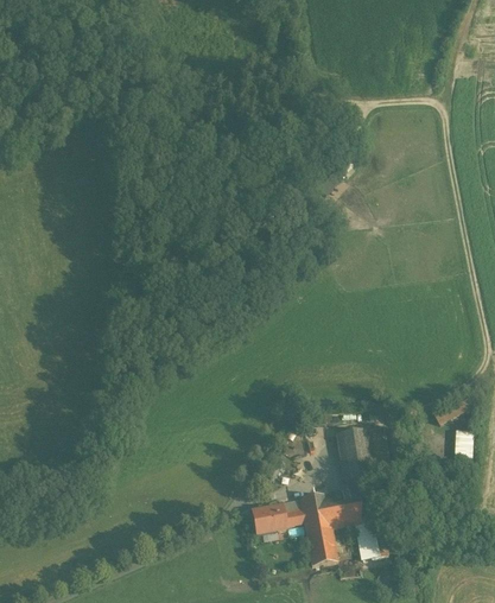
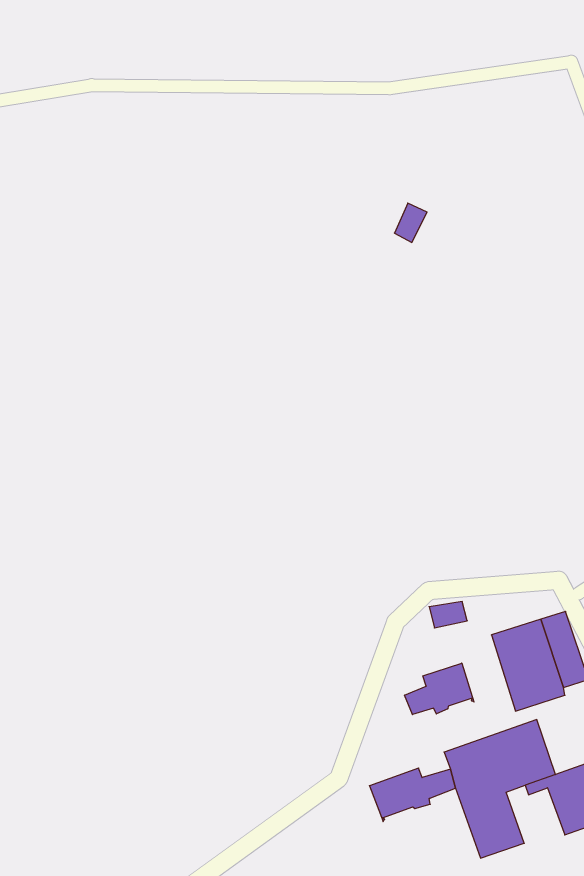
building: none -> [405,663,474,715]

